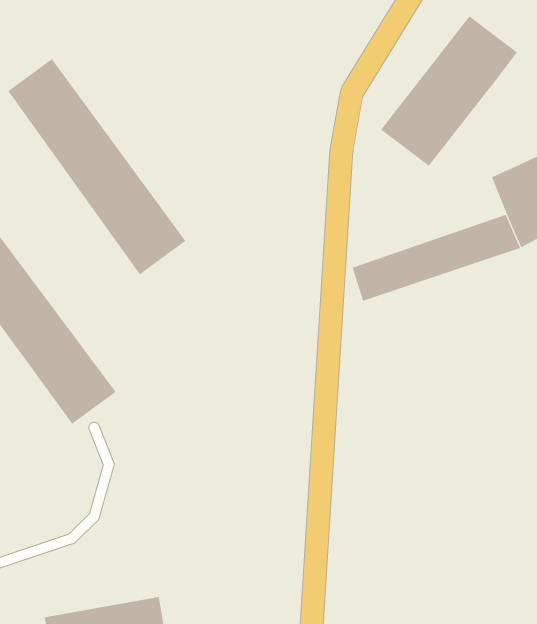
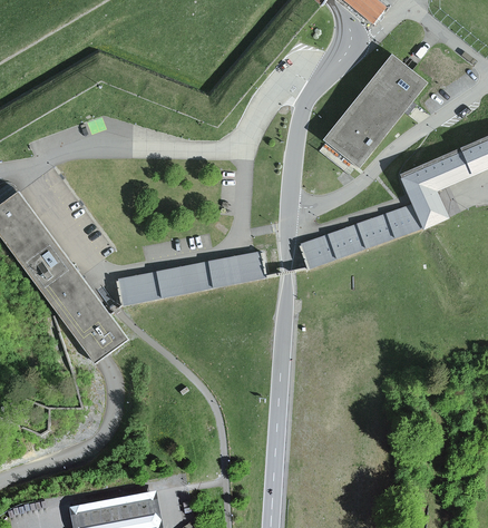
building: [8,58,186,275] -> none
building: none -> [118,252,263,305]

